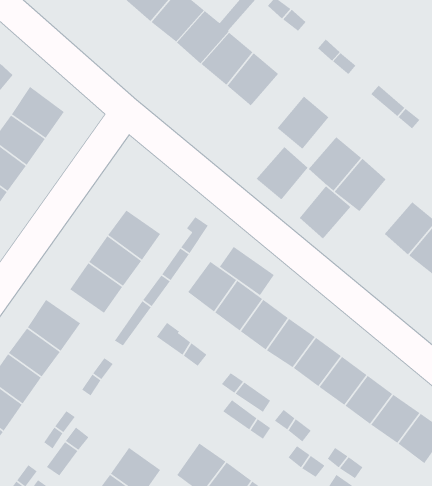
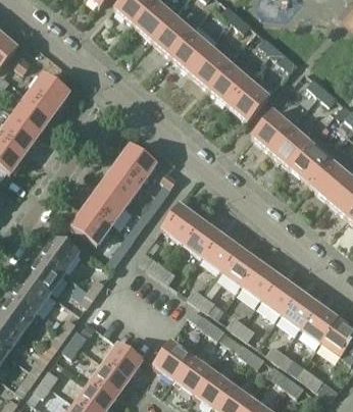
building: [256,146,308,200] -> [209,62,249,103]
building: none -> [115,144,156,183]
building: [299,185,352,239] -> [291,142,331,183]
building: [219,246,275,296] -> none

